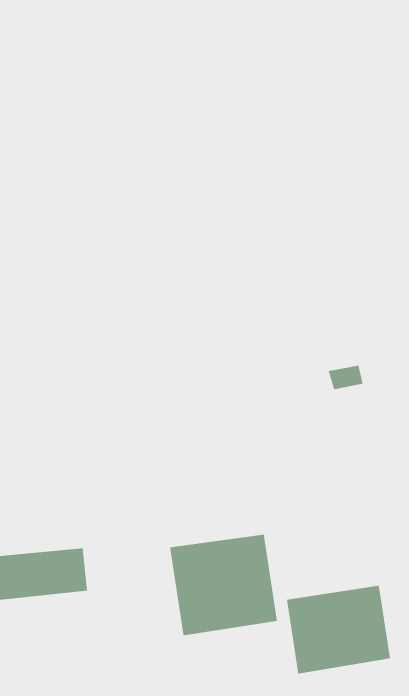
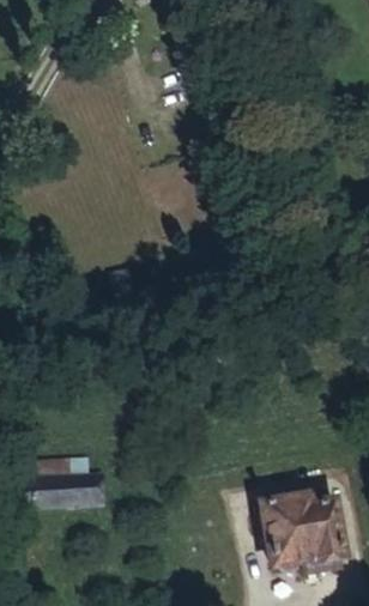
building: [170,534,277,636] -> none

